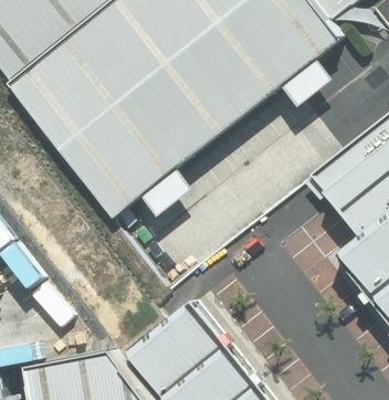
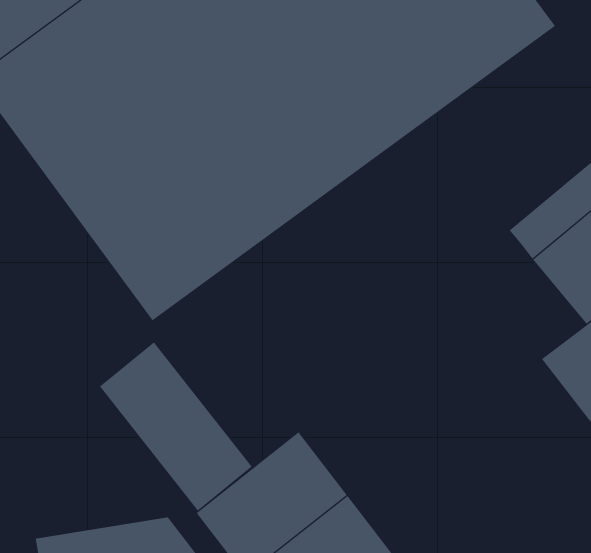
building: none -> [99,342,253,511]

